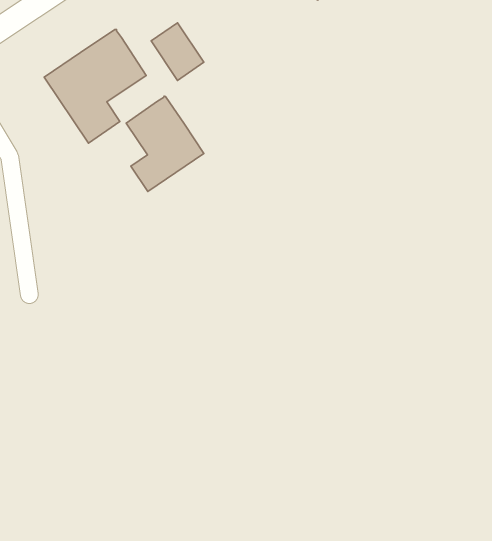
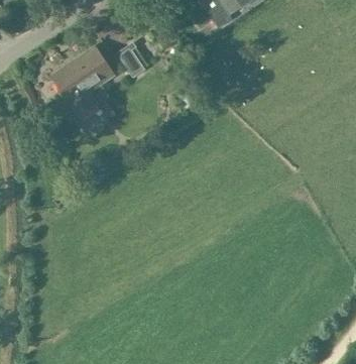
building: [126,96,204,192] -> none

